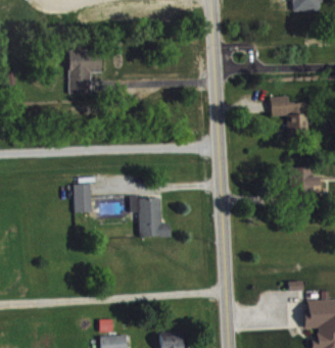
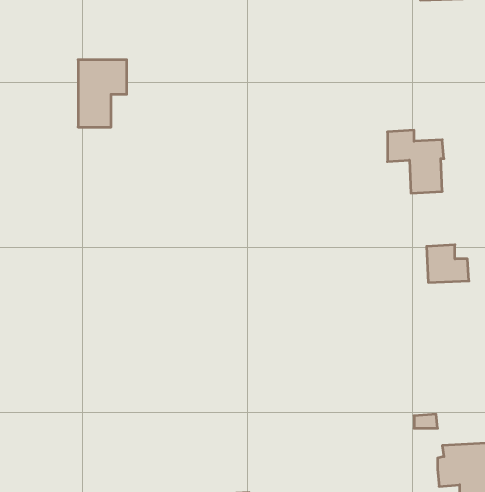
building: [78,186,95,215] -> none
building: [129,199,175,240] -> none

